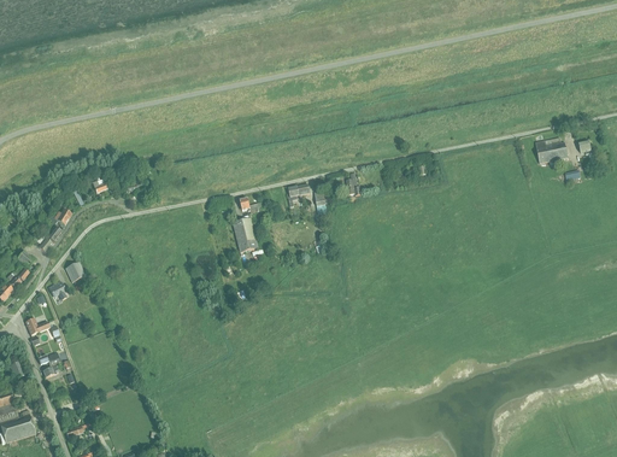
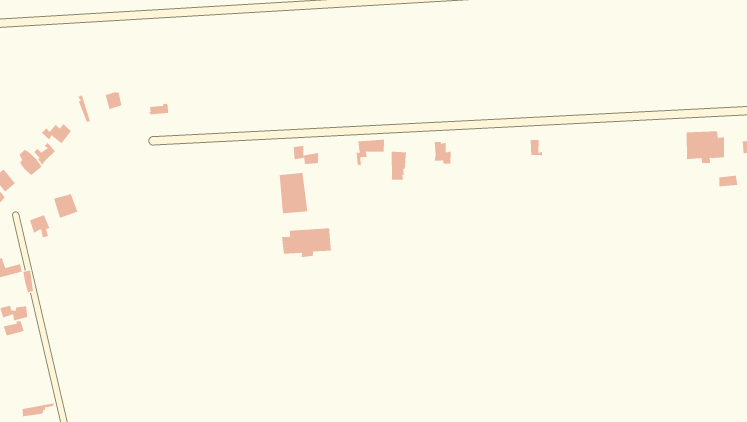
building: none -> [281,227,332,258]

